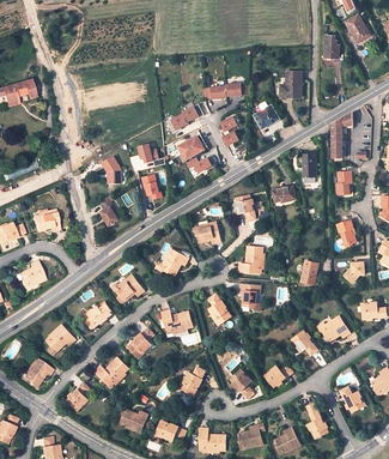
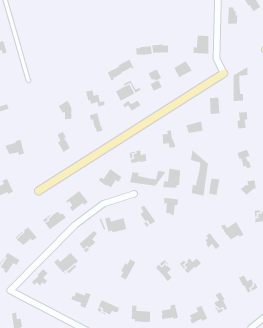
building: none -> [190,149,209,196]
building: none -> [130,170,167,187]

